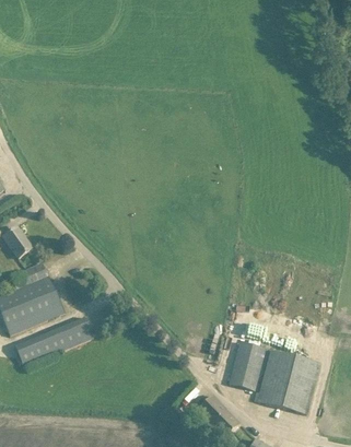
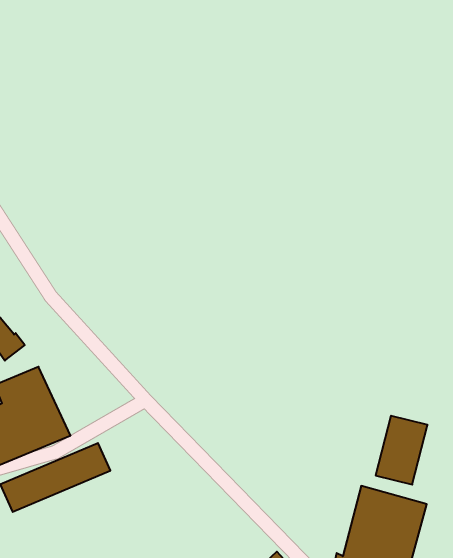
building: [226,341,264,390] -> [376,416,428,485]

